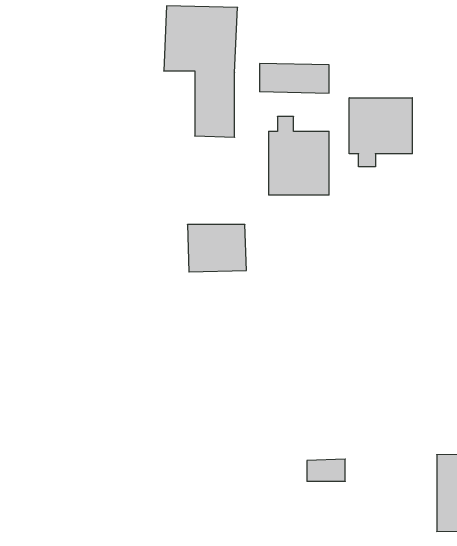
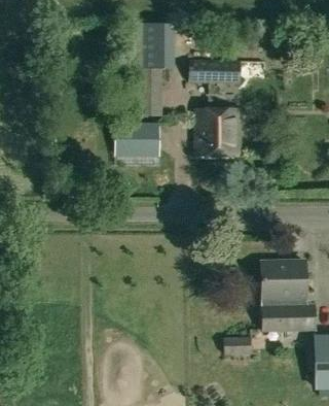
building: [349,98,412,167] -> none
building: [187,225,246,272] -> [116,123,157,156]
building: none -> [261,260,315,329]

